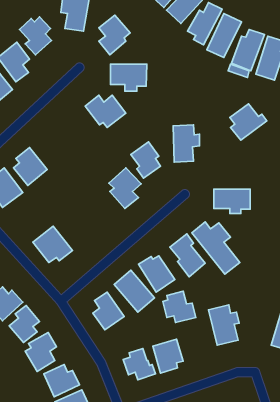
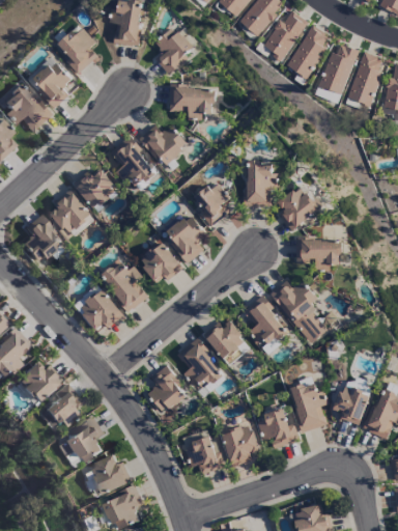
building: [230,104,267,140] -> [278,186,323,230]
building: none -> [110,137,155,185]
building: none -> [73,169,117,209]
building: none -> [139,241,182,285]
building: none -> [101,259,148,311]
building: [163,291,196,322] -> [258,409,298,447]
building: none -> [334,385,370,425]

